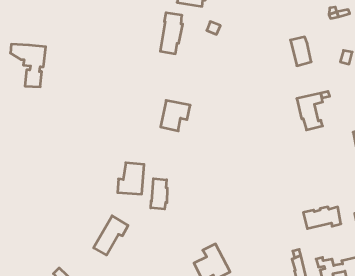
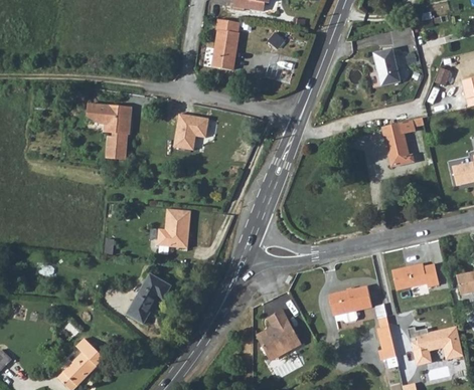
building: [10,44,46,87] -> [88,105,132,158]
building: [161,100,190,131] -> [173,118,210,156]
building: [151,179,167,209] -> none
building: none -> [326,286,370,323]

